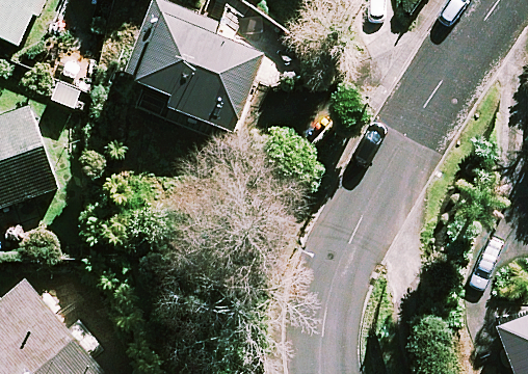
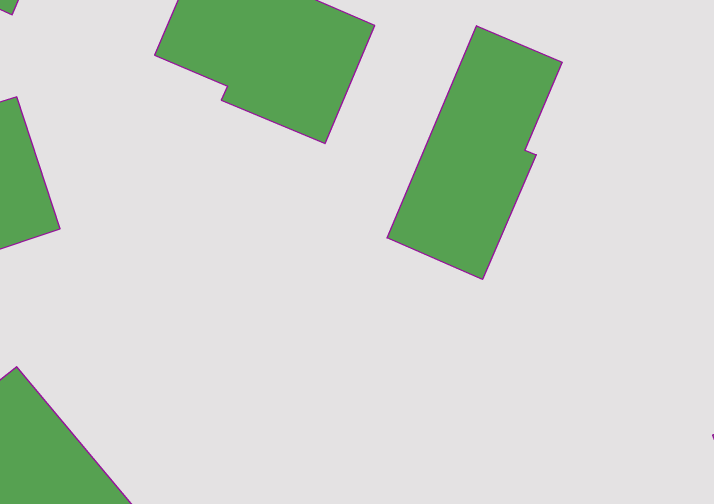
building: none -> [387,26,562,279]

